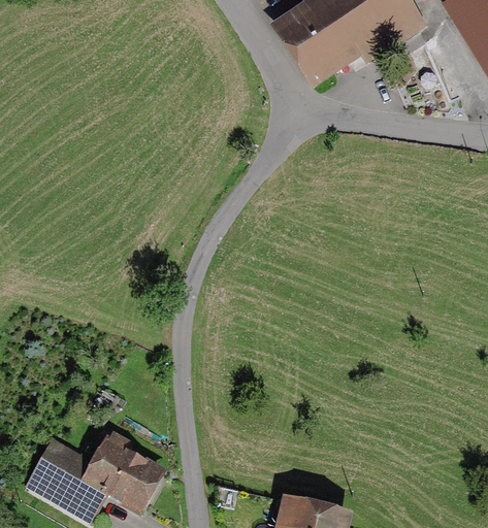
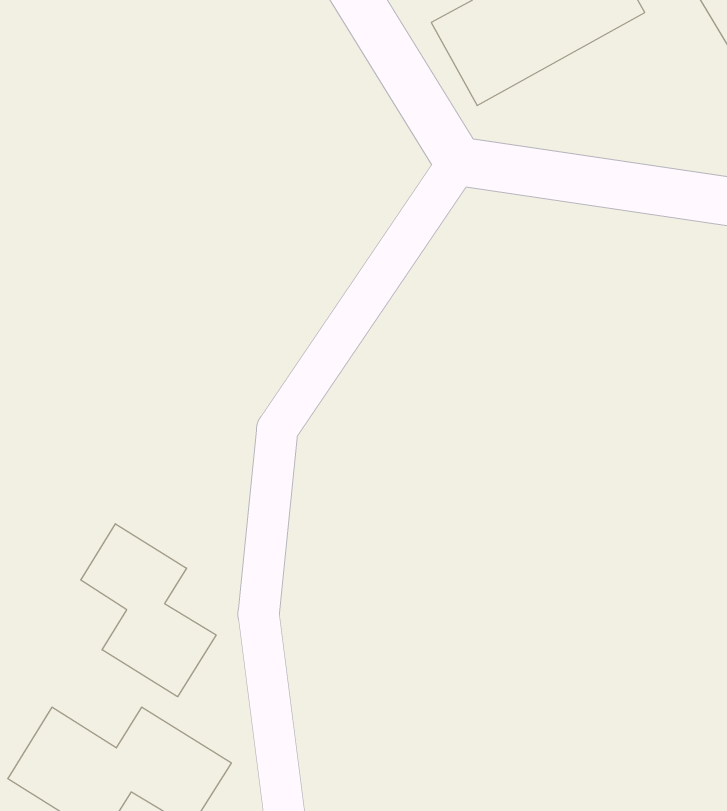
building: none -> [81,524,216,697]

